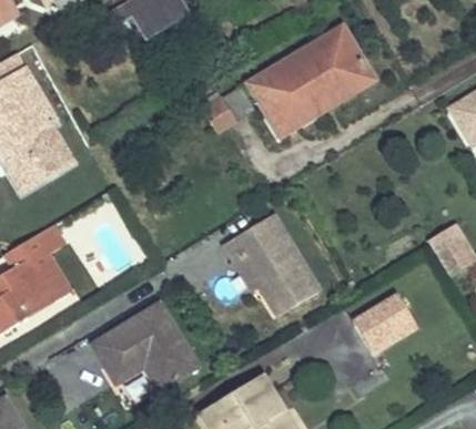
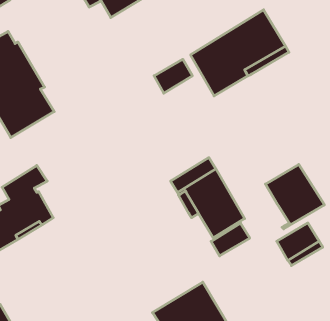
building: none -> [265,164,324,229]
building: none -> [211,223,250,256]
building: [93,304,198,389] -> none

